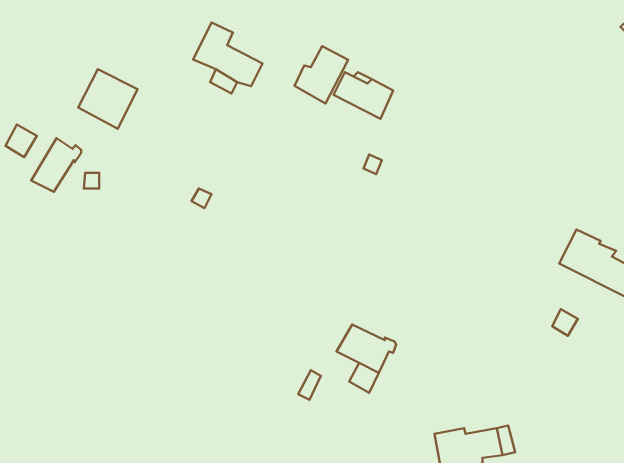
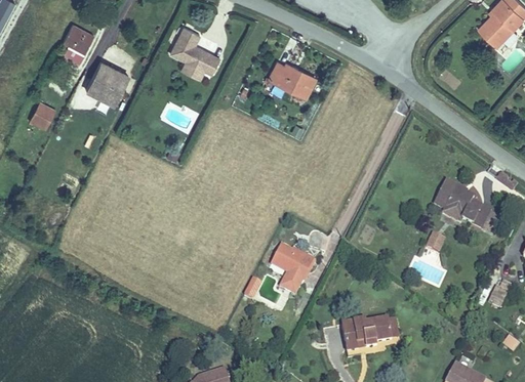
building: none -> [62,24,92,65]
building: [294,46,348,103] -> none
building: [31,138,81,192] -> none

